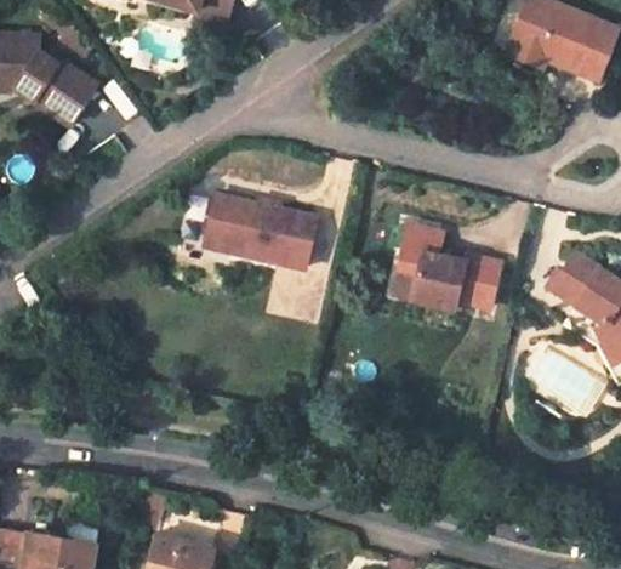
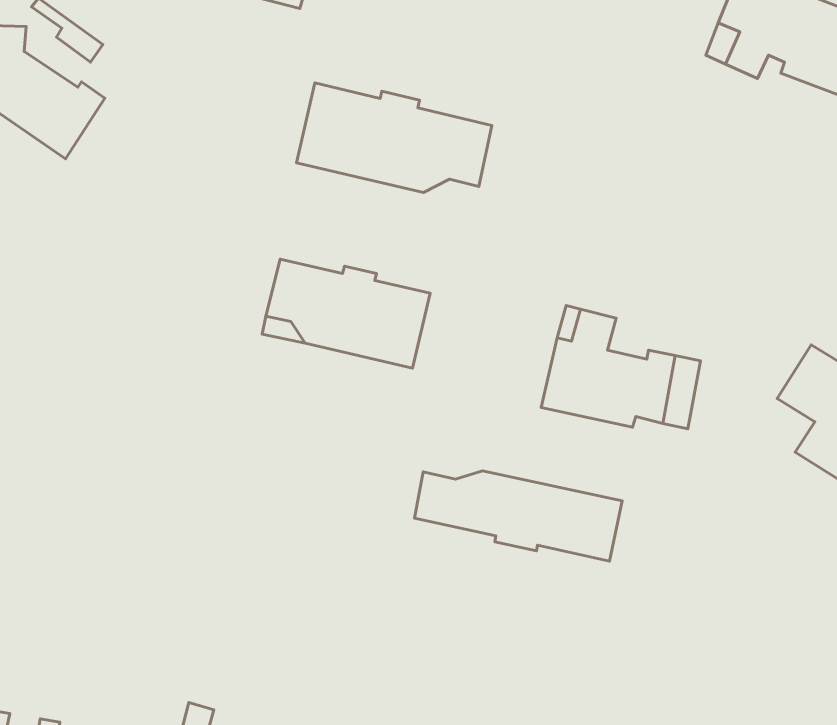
building: none -> [296,83,492,192]
building: none -> [414,471,622,561]

